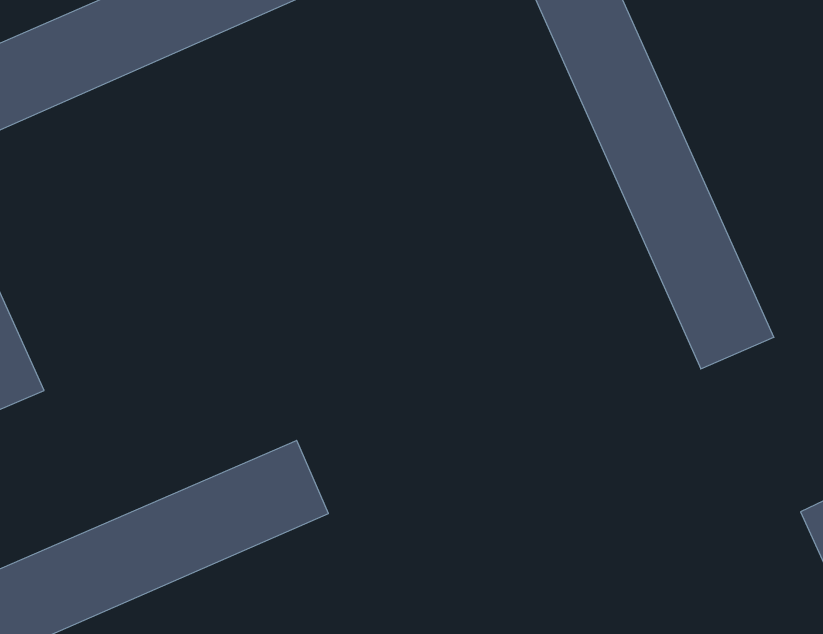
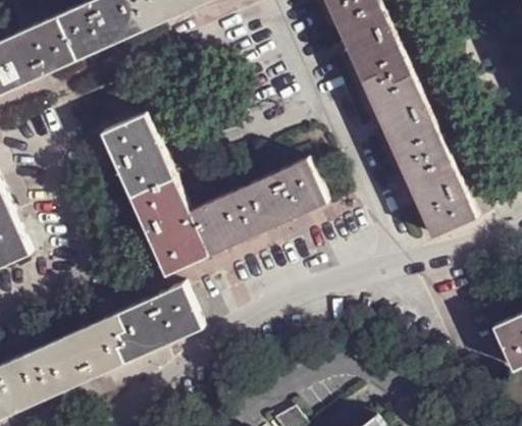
building: none -> [101,113,327,276]

